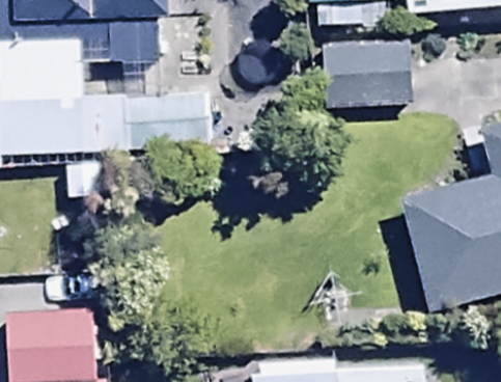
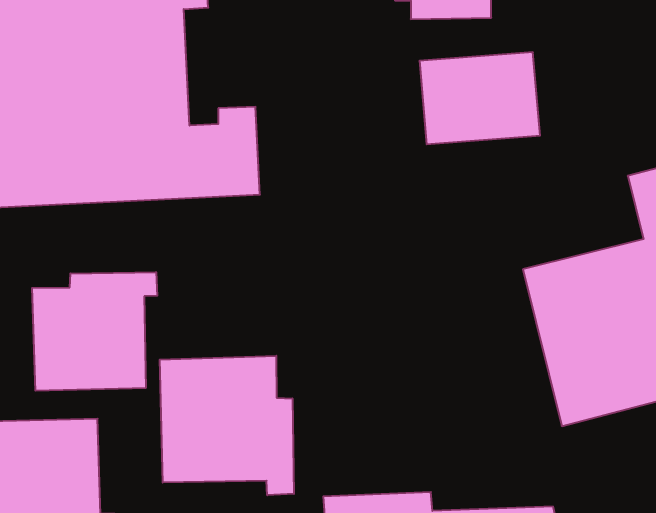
building: none -> [32,272,157,391]
building: none -> [160,356,294,495]

